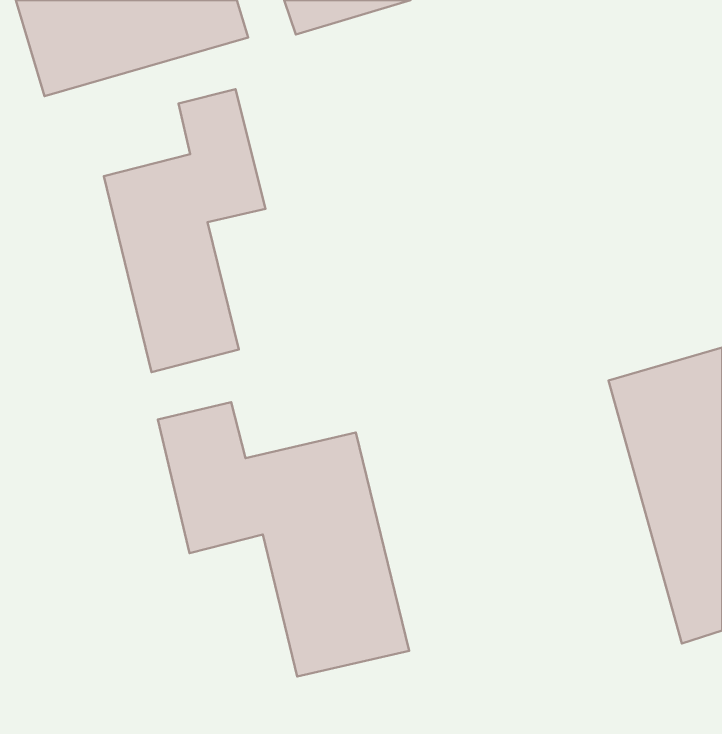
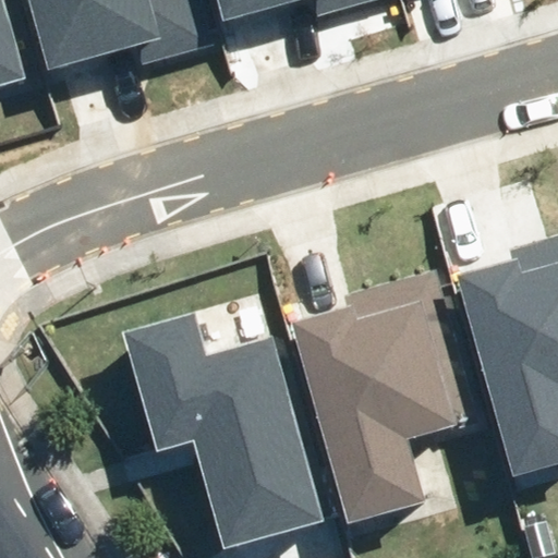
building: [104,89,265,372] -> none
building: none -> [296,289,466,524]

